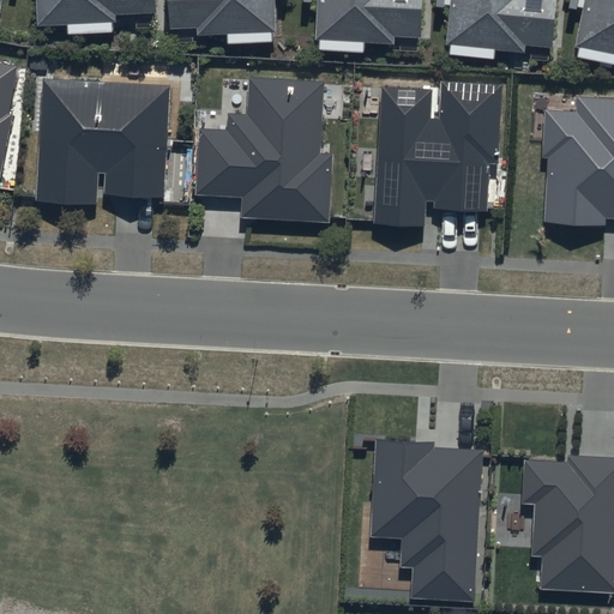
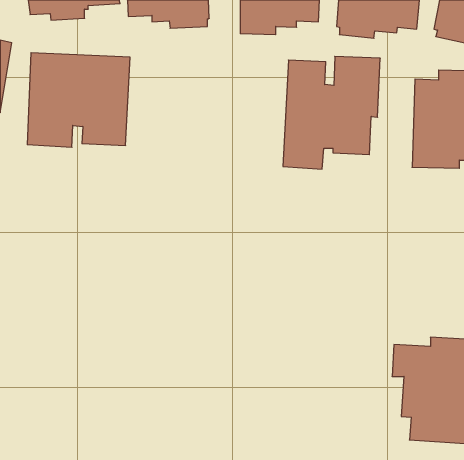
building: [197,77,335,221] -> none
building: [371,444,478,601] -> none

